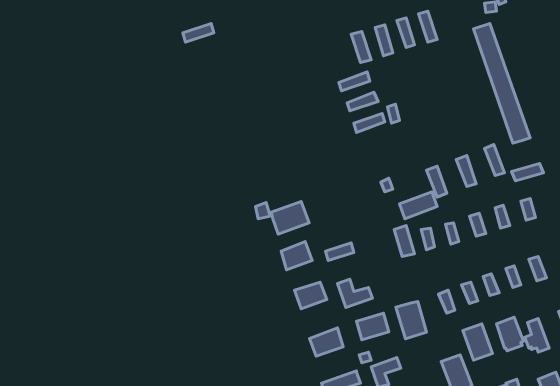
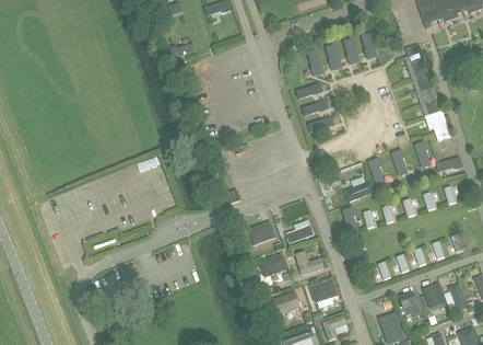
building: [271,202,309,234] -> none
building: [396,302,427,339] -> none

